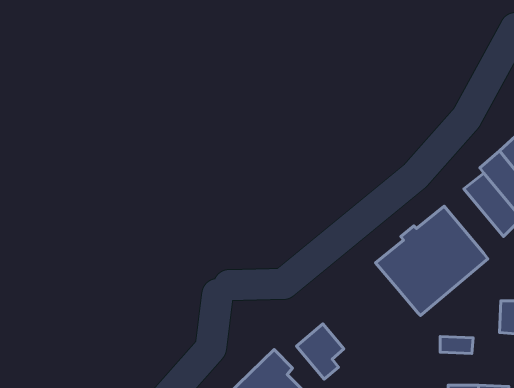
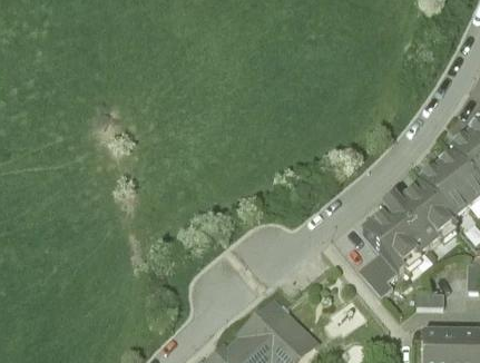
building: none -> [420,167,470,222]
building: [296,324,344,379] -> [357,251,398,297]

